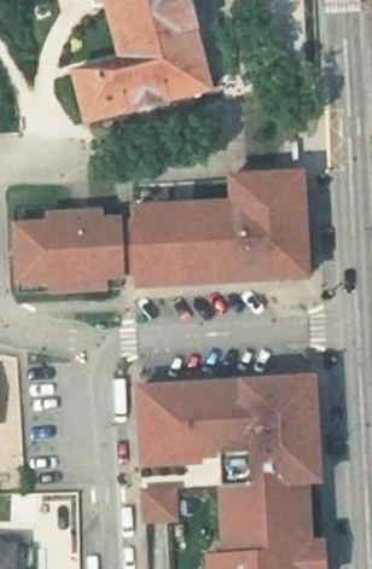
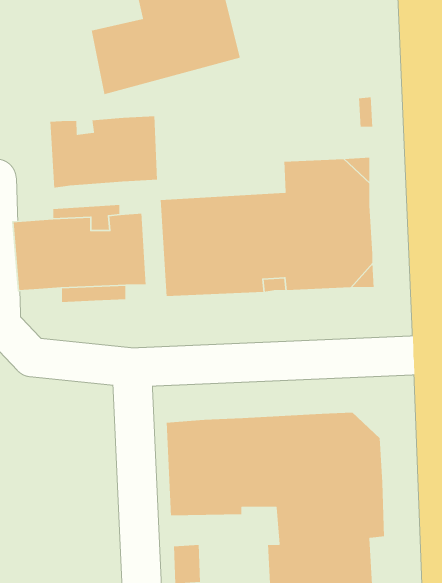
building: none -> [49,116,158,188]

